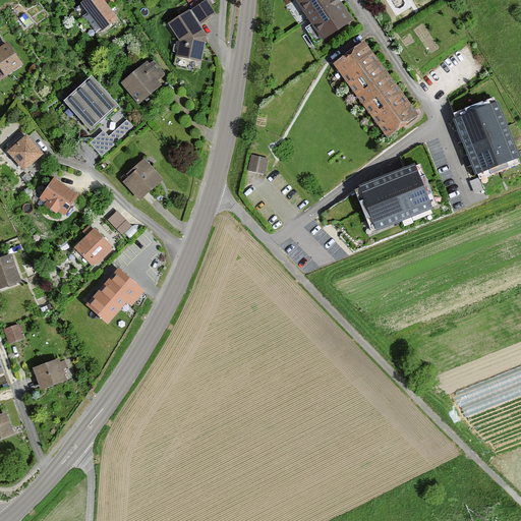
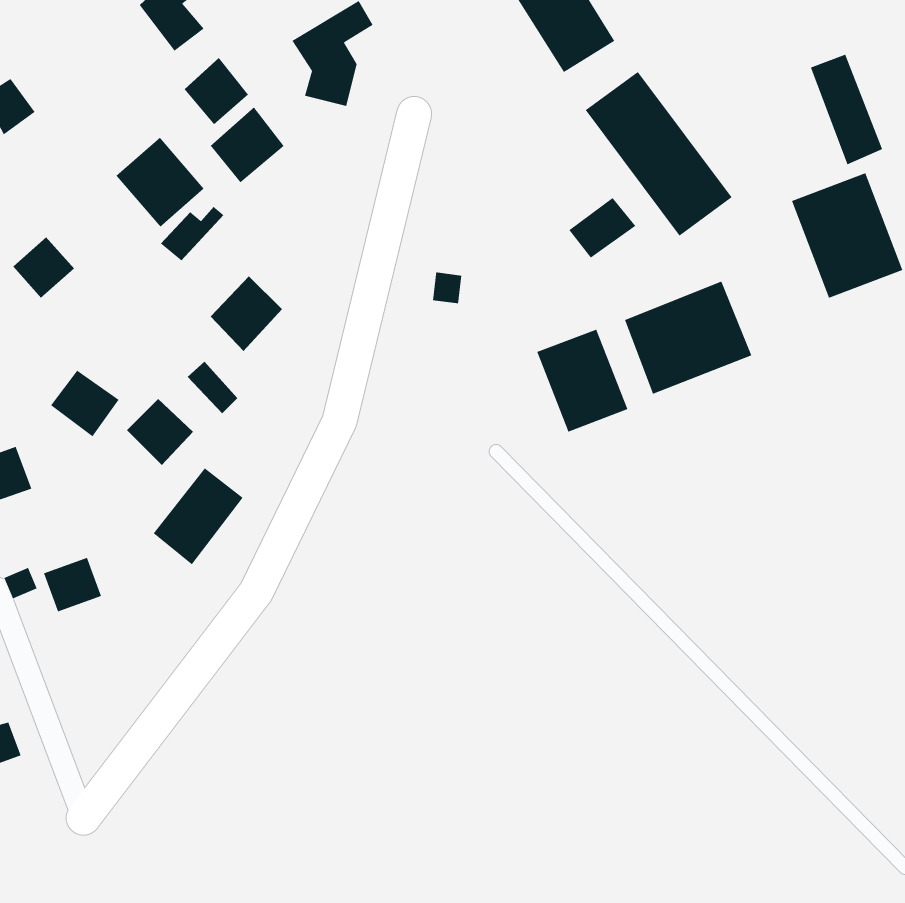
building: none -> [810,54,883,165]
building: none -> [184,57,249,125]
building: none -> [569,197,636,259]
building: [39,178,78,217] -> [50,370,119,437]
building: none -> [536,329,628,432]
building: [31,358,64,390] -> [43,557,102,612]

